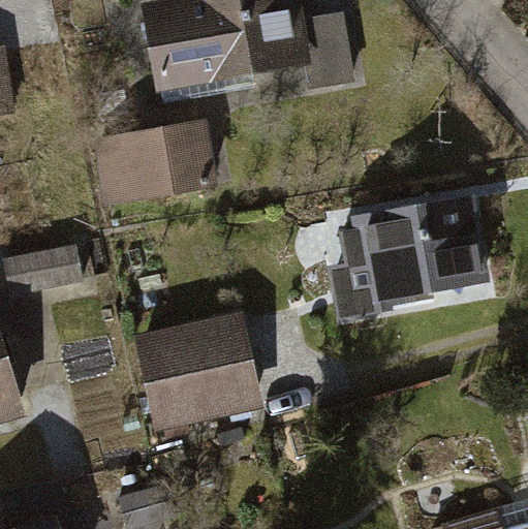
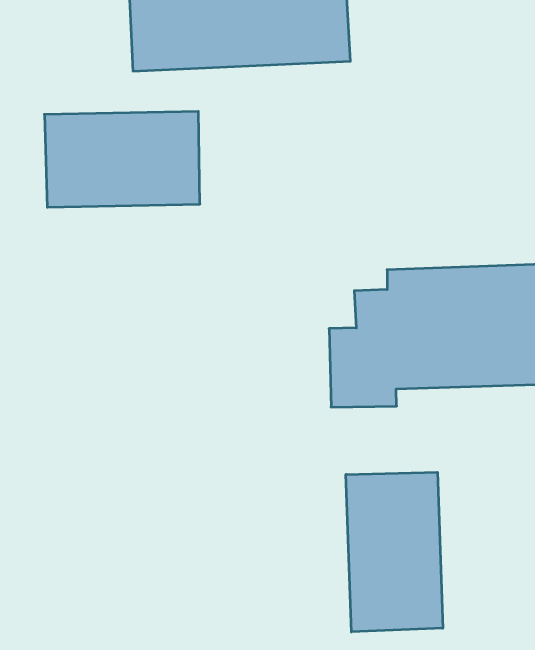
building: [135,320,261,436] -> none
building: none -> [346,472,443,632]

